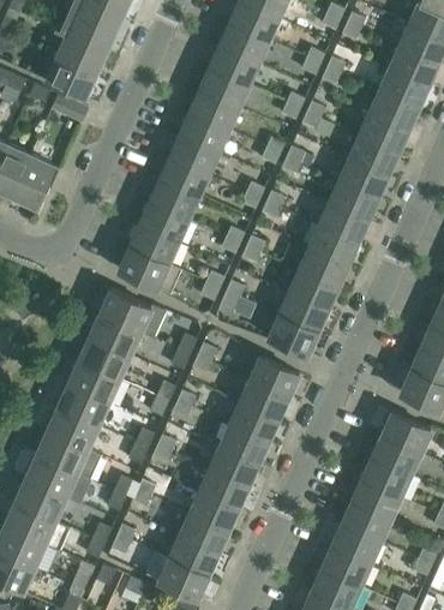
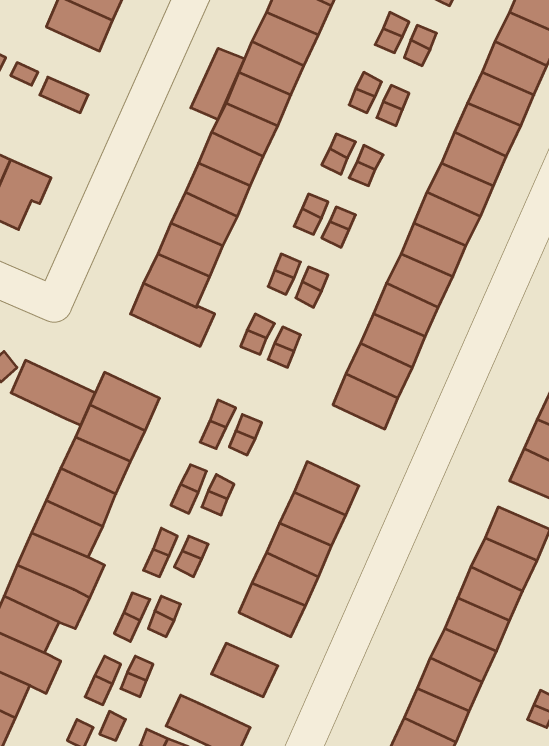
building: [47,56,97,97] -> none
building: none -> [191,48,244,120]
building: [101,288,163,336] -> [11,360,95,425]
building: [251,355,300,396] -> none
building: [191,490,239,530] -> none
building: [170,536,218,575] -> none

